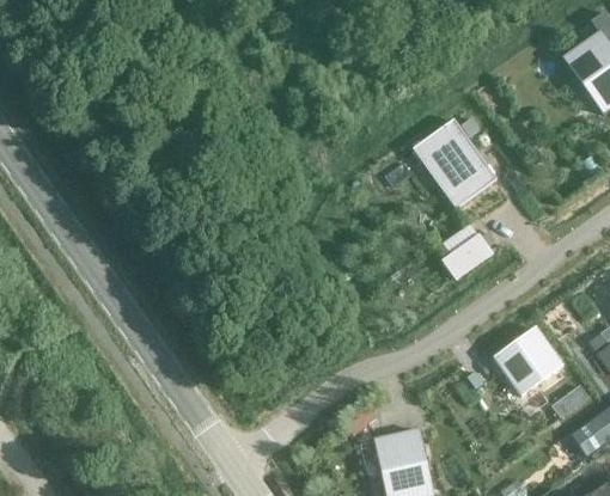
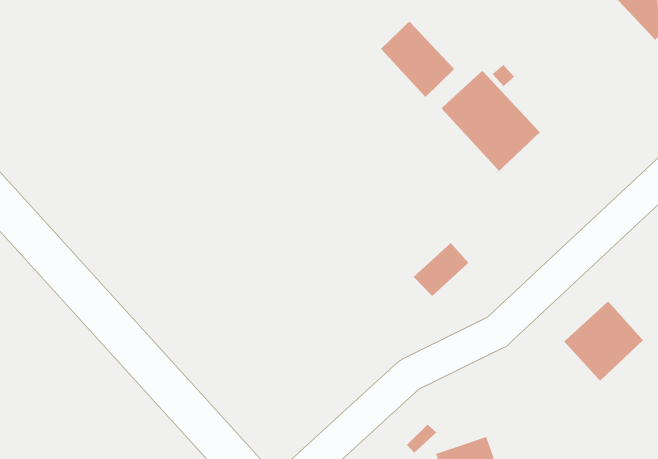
building: none -> [379,20,456,98]
building: [439,237,488,281] -> [413,242,469,297]

